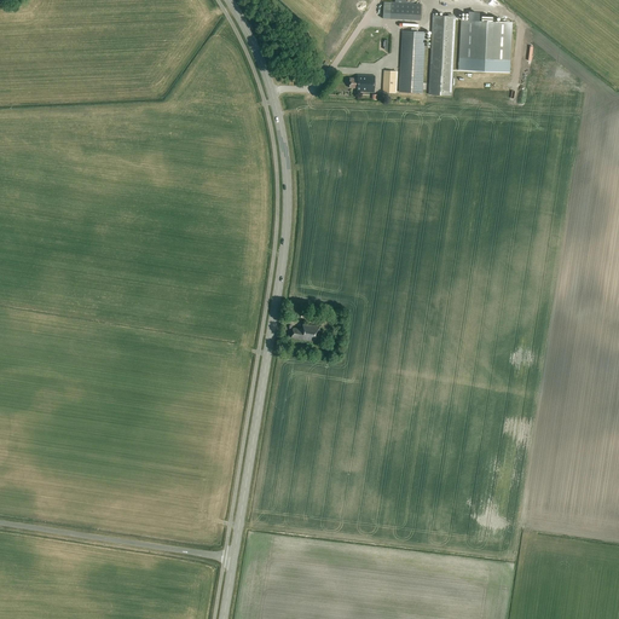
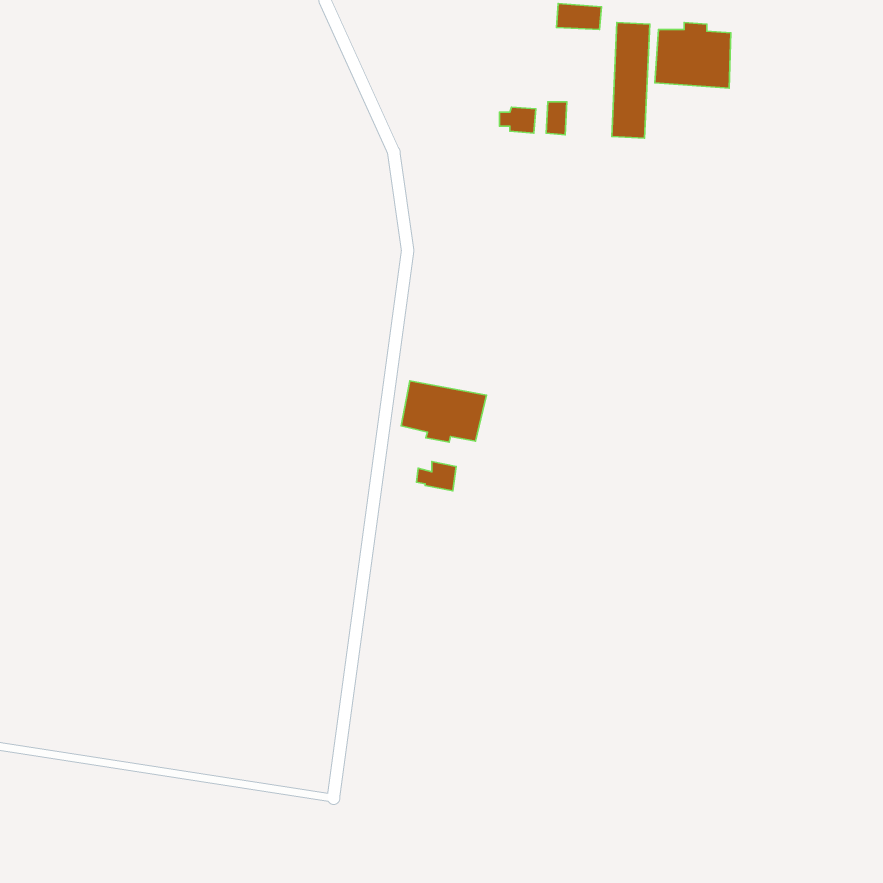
building: [399,29,426,93] -> none
building: none -> [401,381,487,442]

